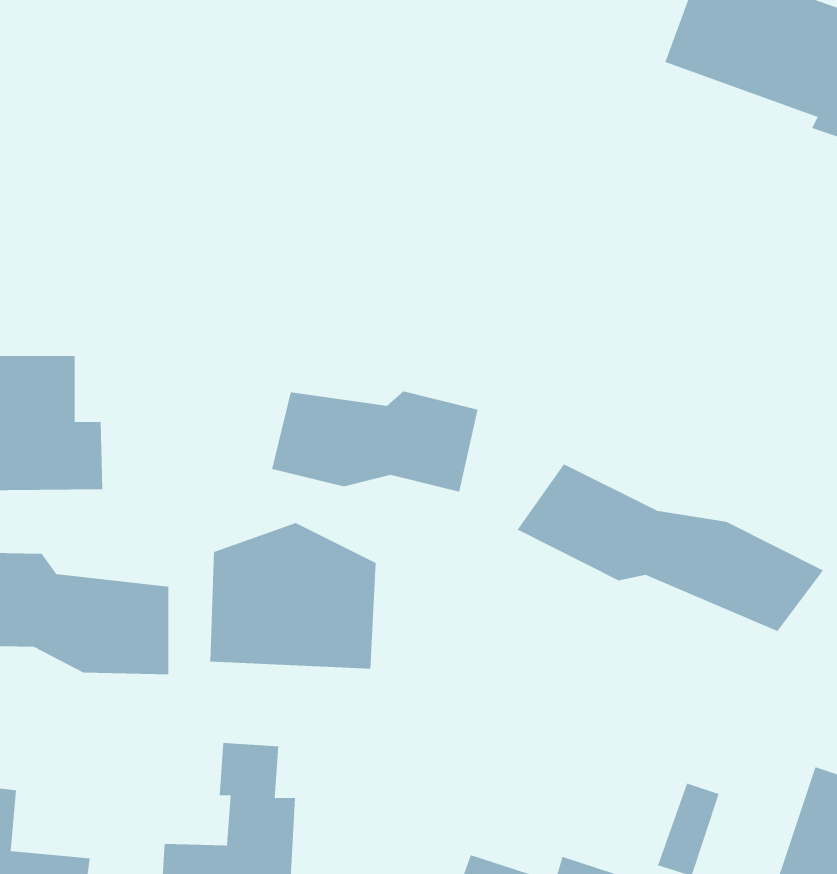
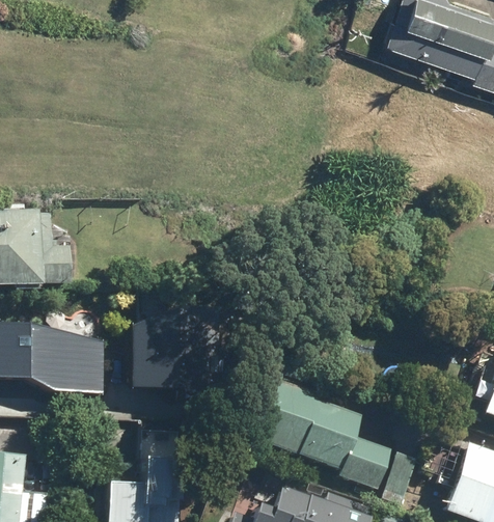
building: [272,390,478,492] -> none
building: [517,463,824,632] -> none
building: none -> [248,378,391,489]

